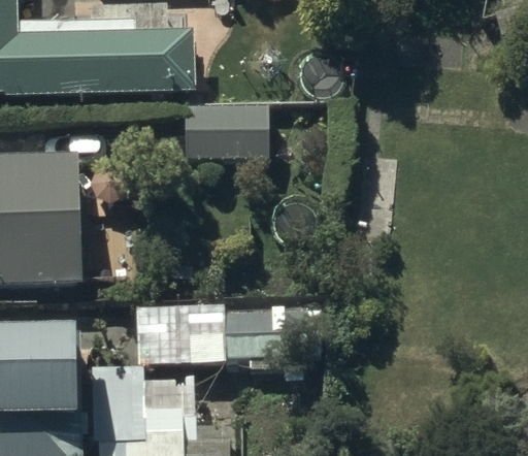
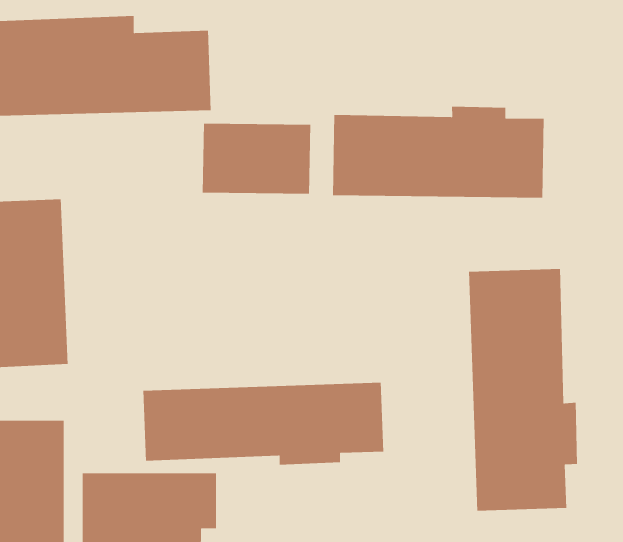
building: none -> [332,106,544,199]
building: none -> [468,268,578,511]

